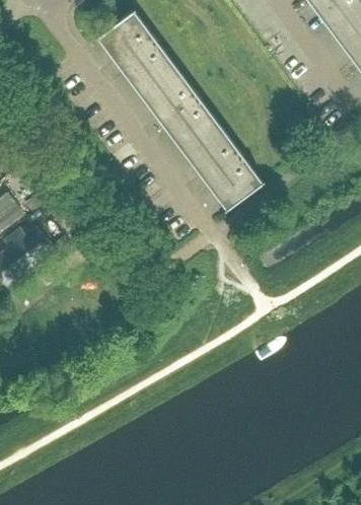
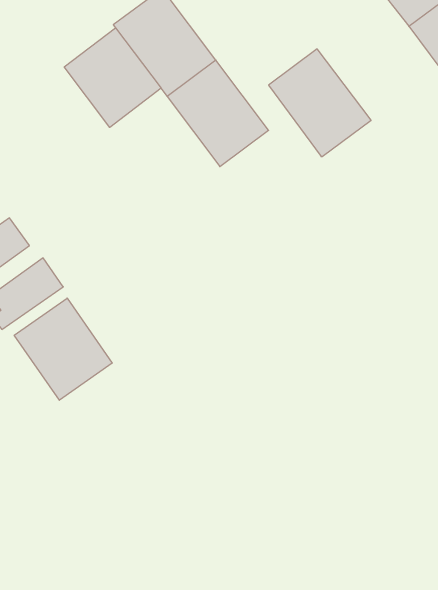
building: none -> [64,28,161,127]
building: [179,122,263,209] -> [269,49,371,157]
building: none -> [14,298,112,400]

